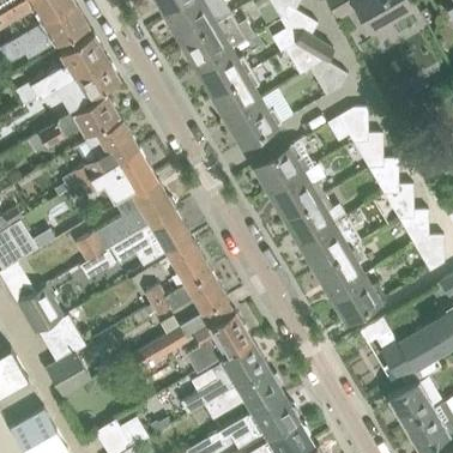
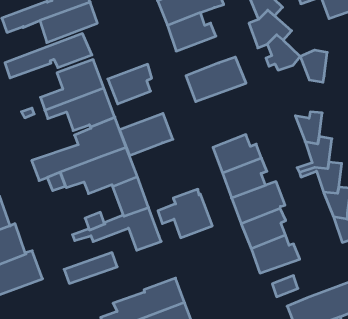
building: [211,72,260,121] -> [108,64,152,104]
building: [339,110,369,144] -> [300,50,327,82]
building: [254,141,314,194] -> [120,113,173,156]
building: [192,307,254,363] -> [158,189,212,238]

